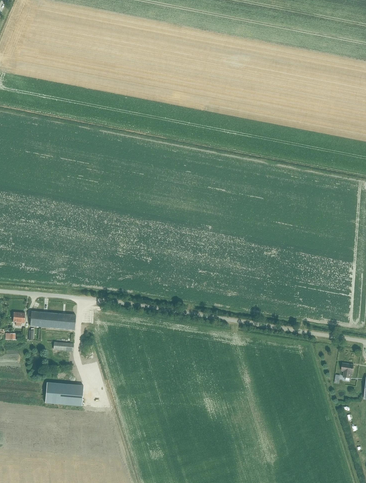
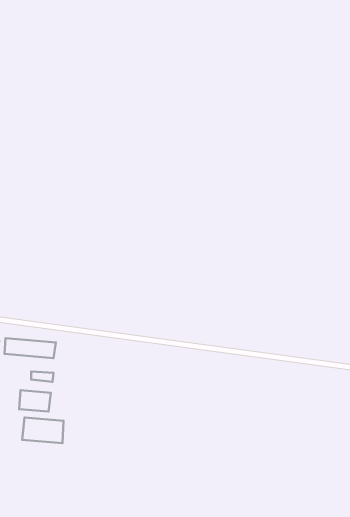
building: none -> [19,390,51,411]

